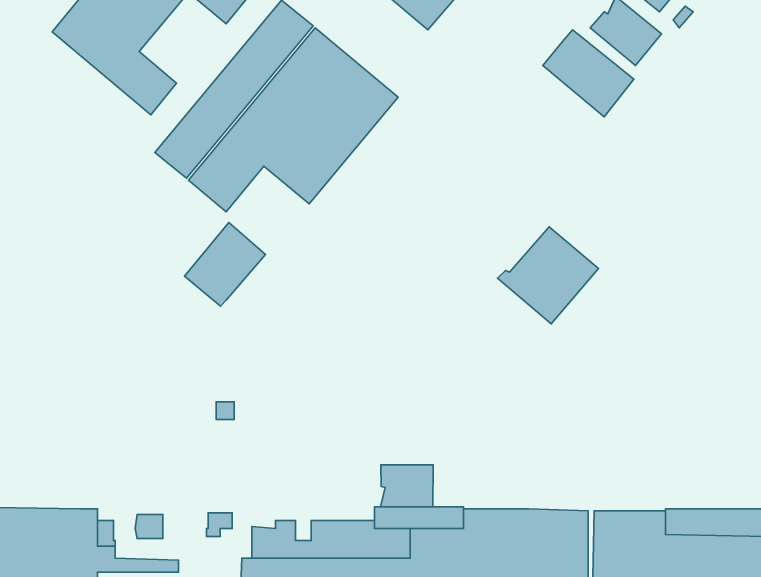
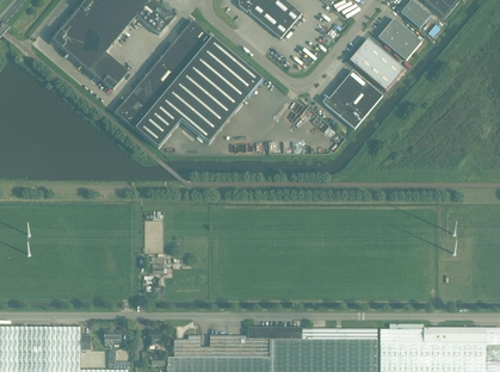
building: [185,223,265,306] -> none
building: [498,227,599,324] -> [321,72,382,130]
building: [380,465,433,507] -> none

